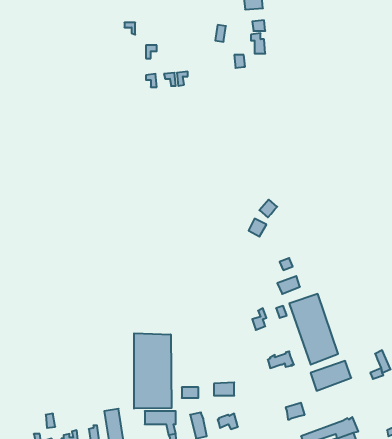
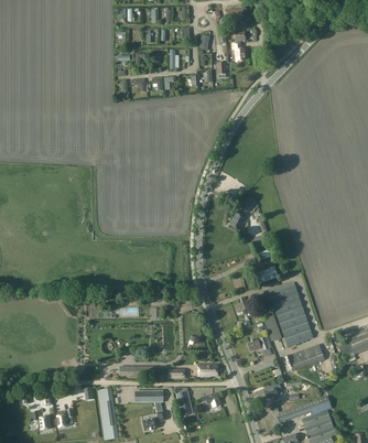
building: [134,333,172,409] -> none

